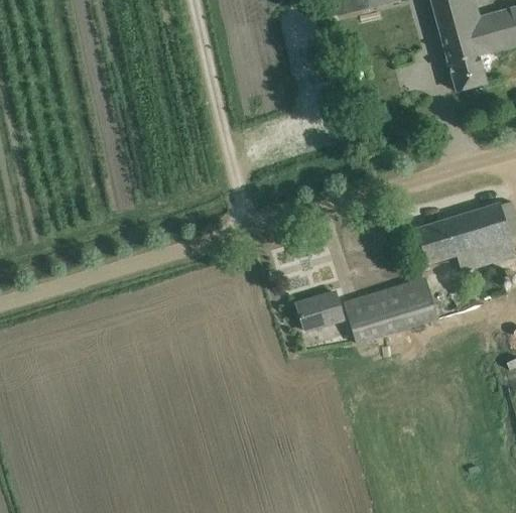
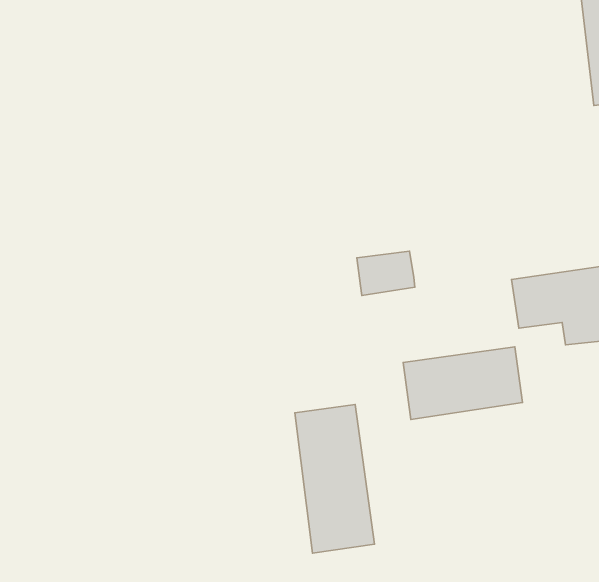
building: [297,292,344,331] -> [357,251,415,296]
building: none -> [295,405,374,553]

